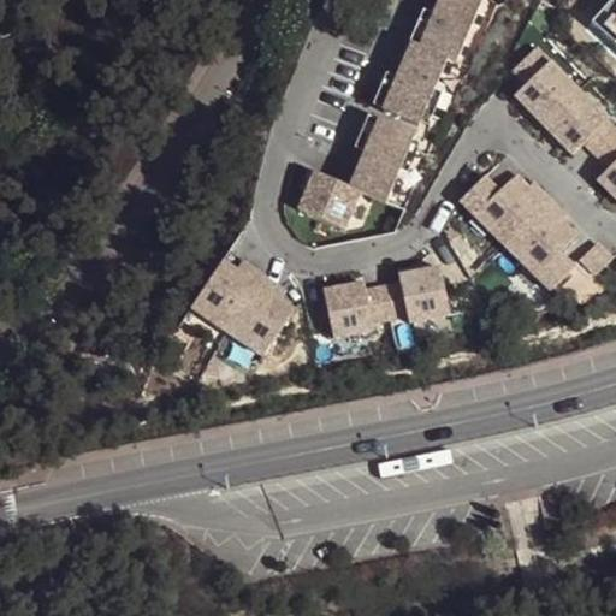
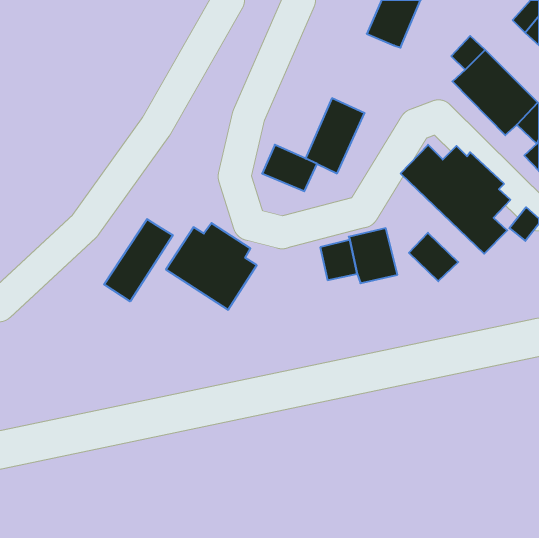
building: [380,38,449,124] -> none
building: none -> [104,219,173,301]
building: none -> [409,233,458,281]
building: [324,278,375,339] -> none

